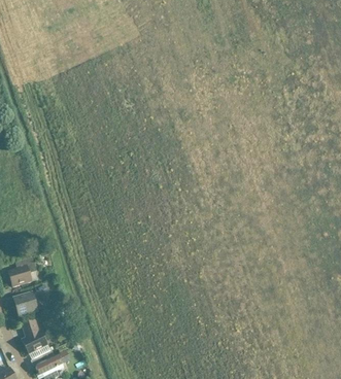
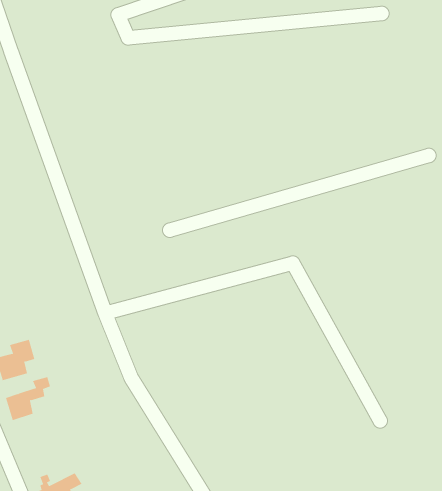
building: [22,318,47,352] -> none

